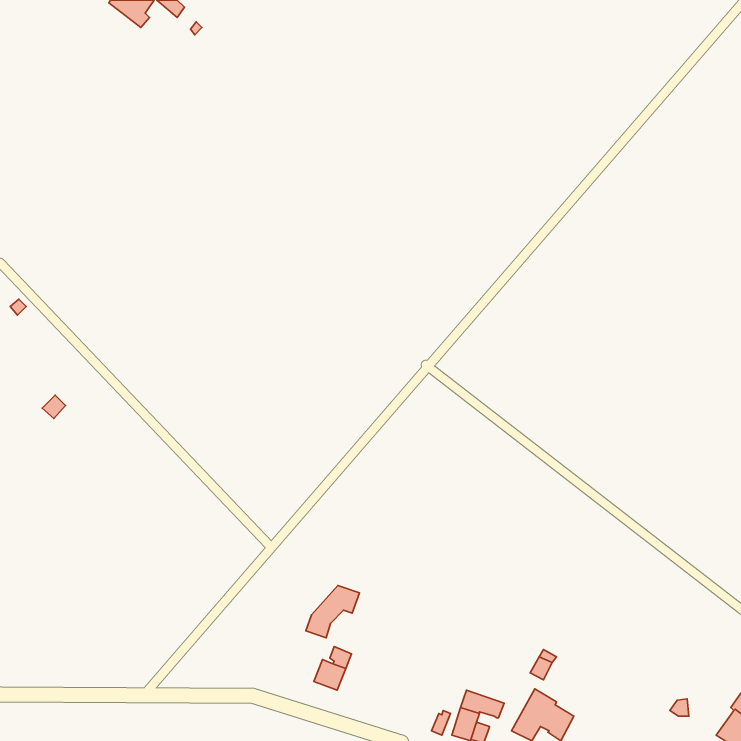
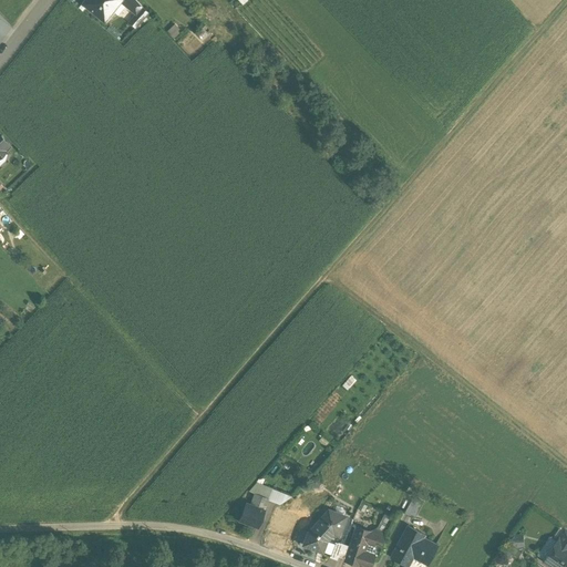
building: [306,586,359,638] -> [305,512,346,551]

